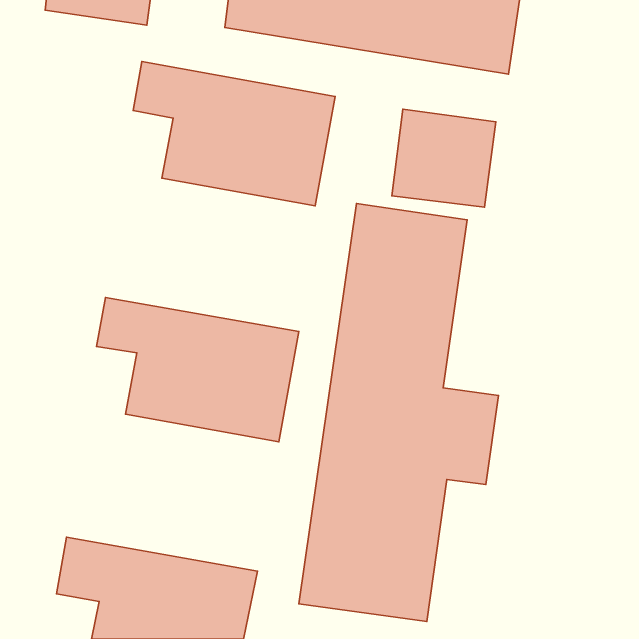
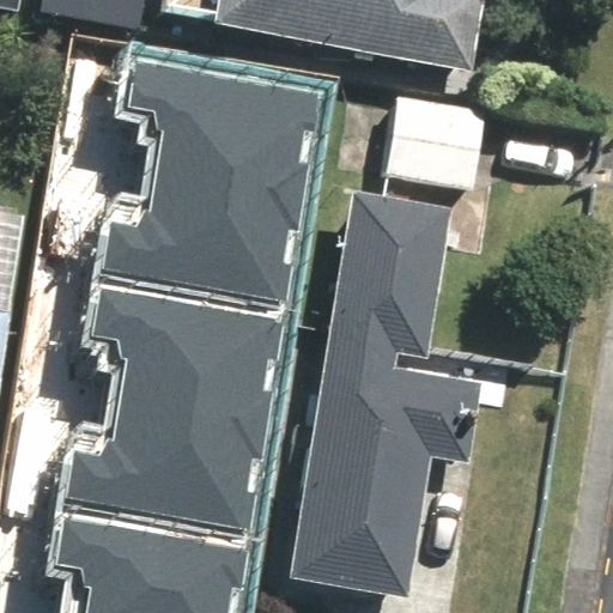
building: none -> [108,170,303,303]
building: none -> [73,395,268,527]

